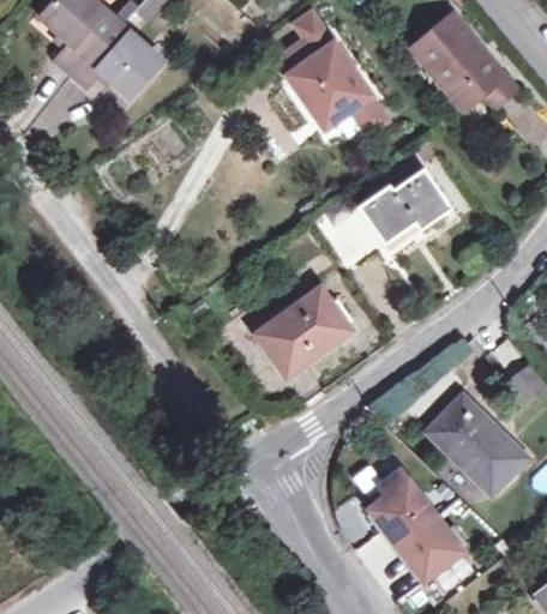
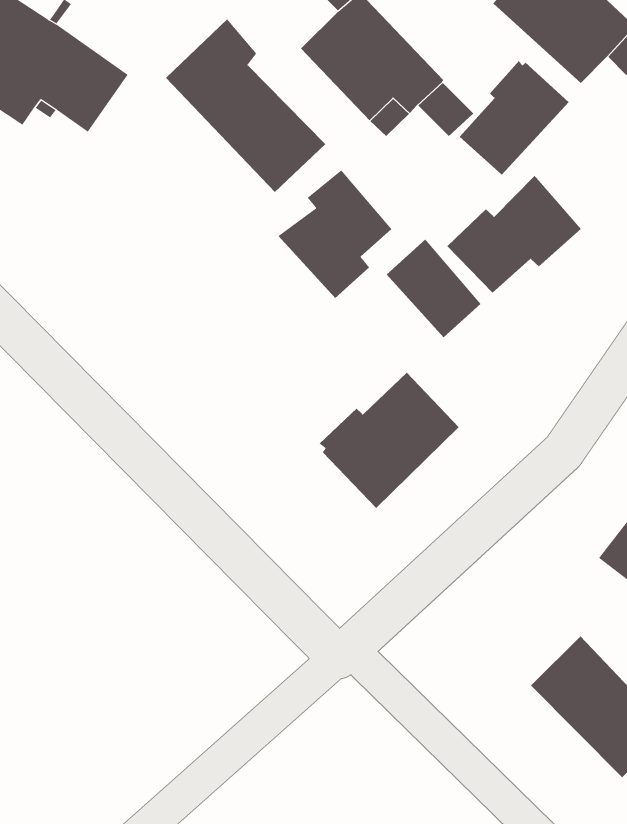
building: none -> [165,18,326,193]
building: none -> [459,60,570,175]
building: none -> [277,169,392,299]

